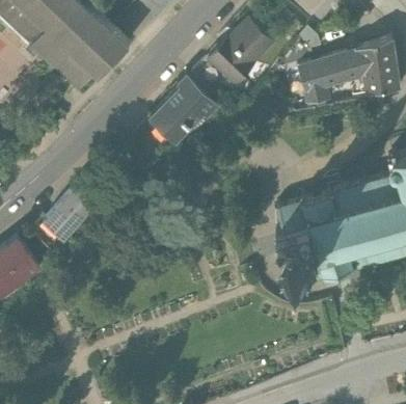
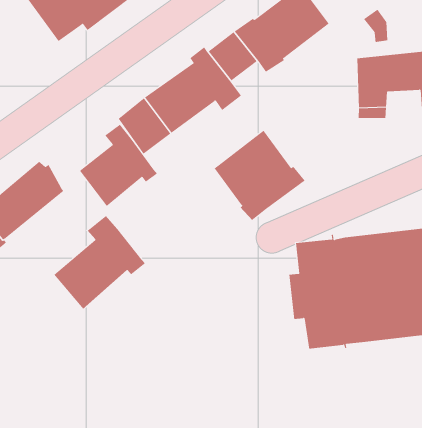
building: none -> [214,130,305,221]
building: none -> [79,124,158,207]
building: none -> [54,215,146,310]

